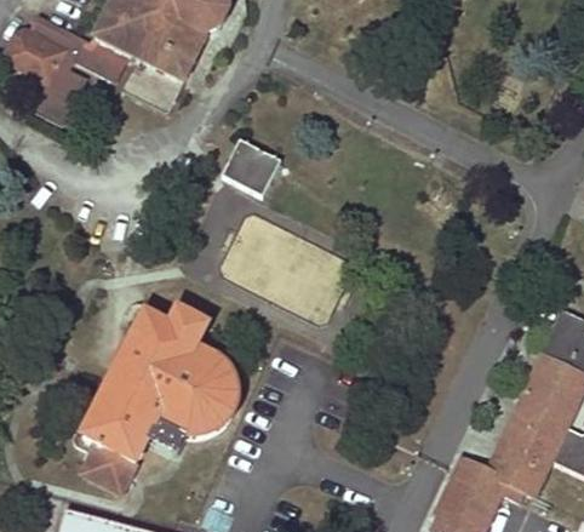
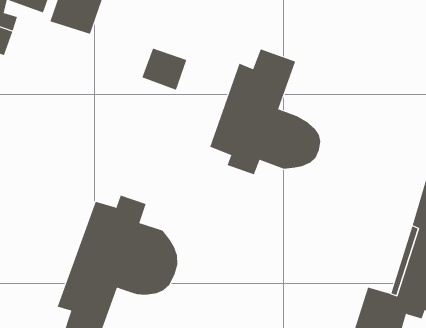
building: none -> [210,49,321,175]

